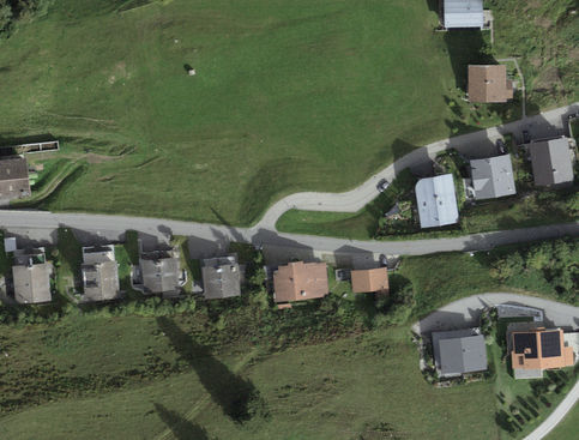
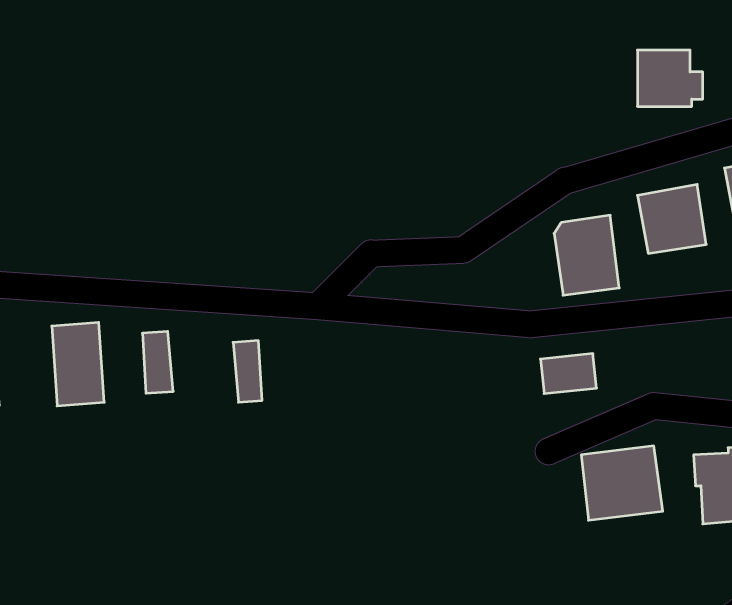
building: [159,251,180,297] -> none
building: [219,257,239,297] -> none
building: [261,261,327,301] -> none
building: [351,267,388,294] -> [540,354,597,394]

